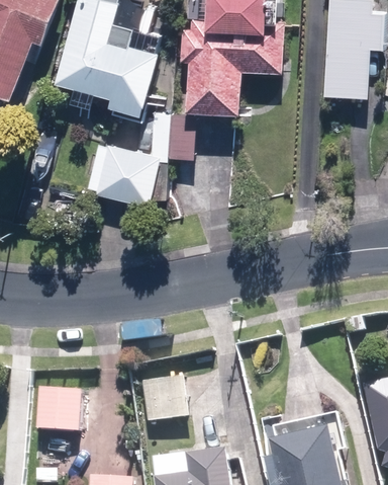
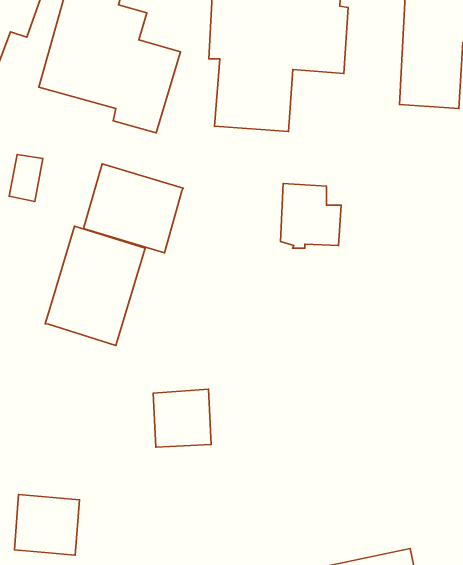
building: [151,111,196,160] -> [280,183,341,248]
building: none -> [45,226,145,346]
building: [144,377,188,420] -> [153,389,211,447]

